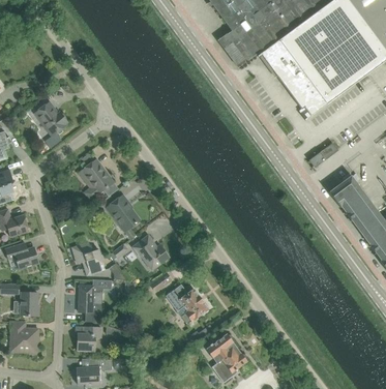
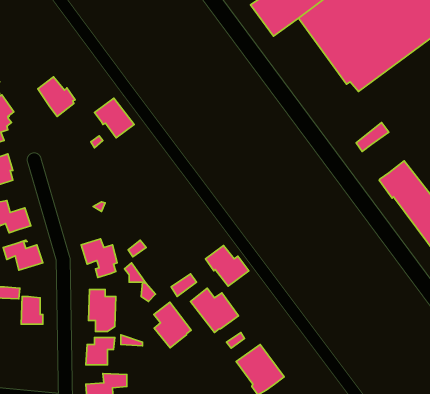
building: [80,159,114,193] -> [95,98,134,138]
building: [107,194,140,238] -> none
building: [132,235,170,270] -> [205,246,249,286]
building: none -> [154,302,191,348]
building: [10,322,39,354] -> none

